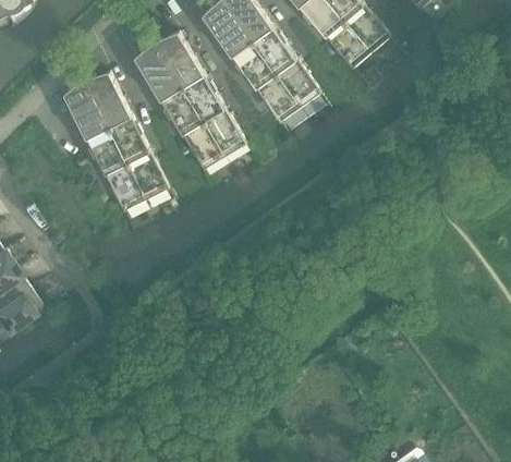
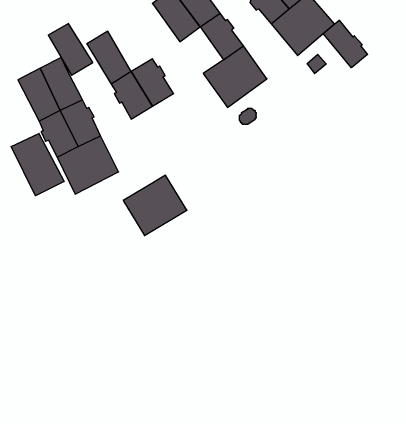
building: [156,32,202,85] -> [48,23,93,75]
building: none -> [323,20,368,68]
building: [230,39,275,87] -> none
building: [180,108,245,170] -> [123,175,187,236]
building: none -> [11,133,64,196]

